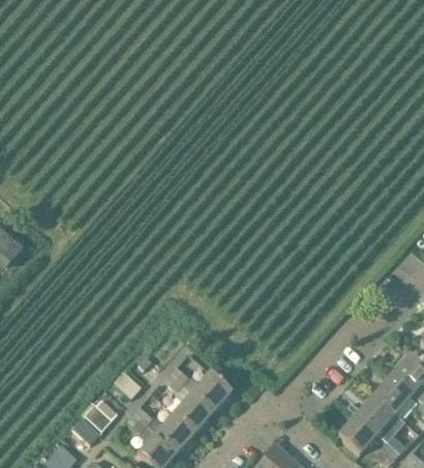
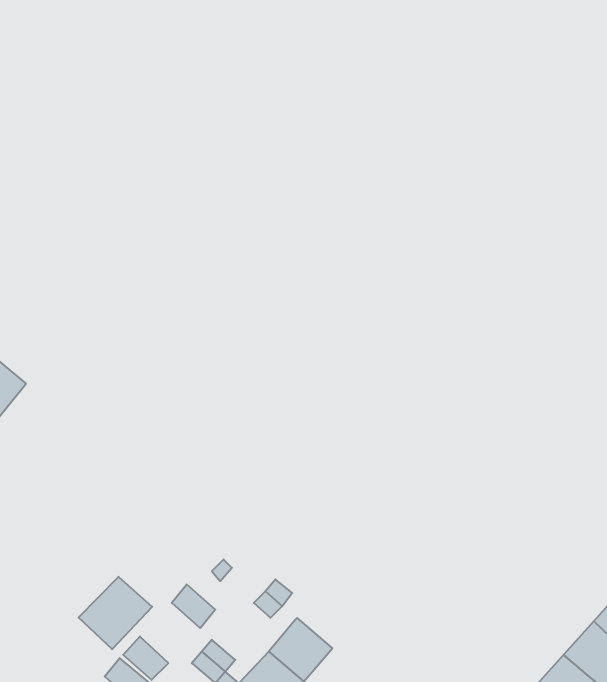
building: none -> [79,577,152,649]
building: [191,370,232,410] -> none

